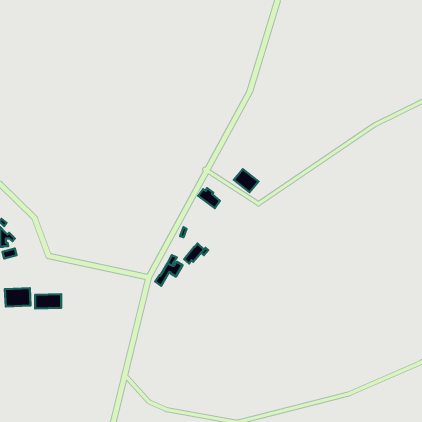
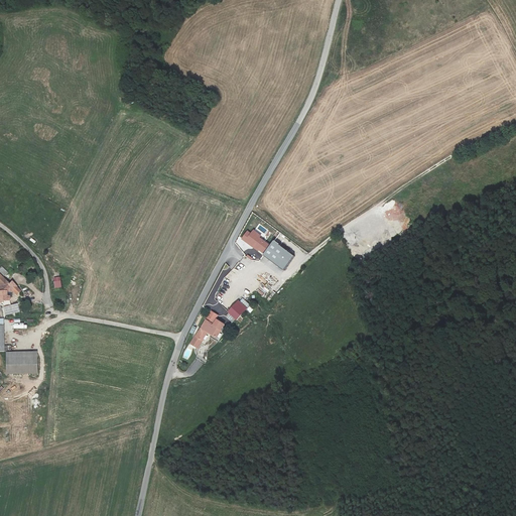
building: [234,169,258,192] -> [263,241,293,269]
building: [35,294,61,309] -> none

